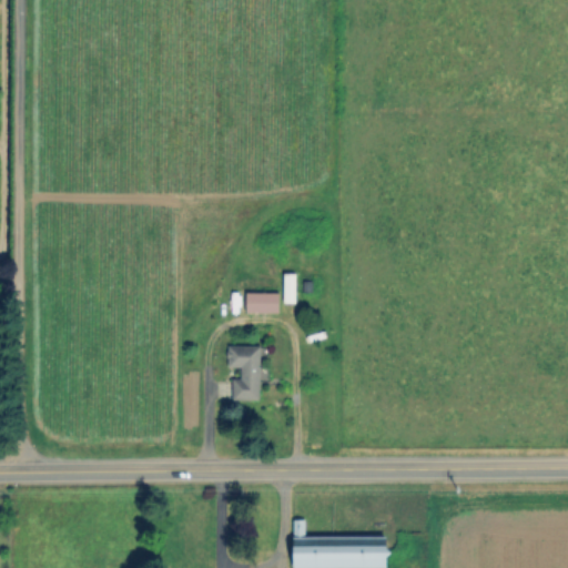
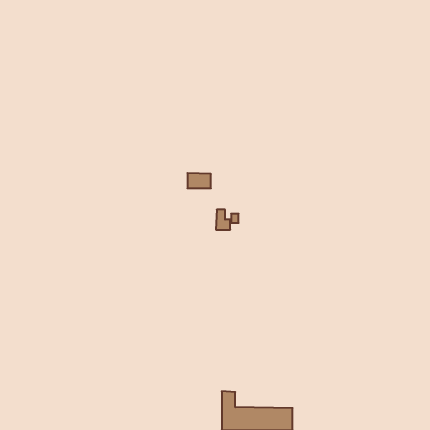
building: [247,294,278,314] -> [187,173,211,188]
building: [229,348,260,400] -> none

